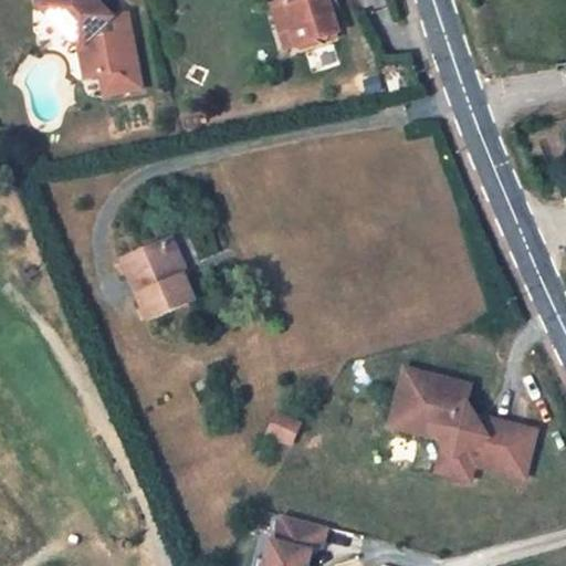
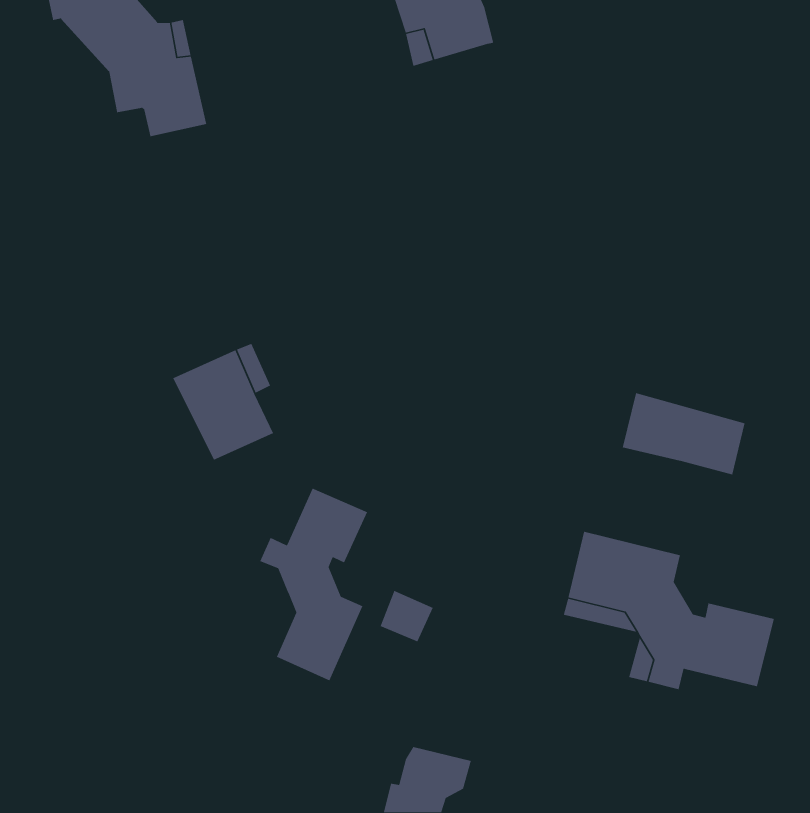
building: none -> [622,392,746,475]
building: none -> [259,488,368,682]

